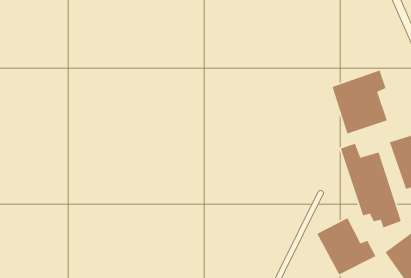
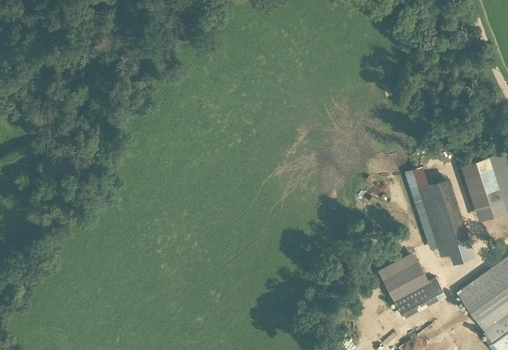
building: [331,70,388,135] -> none

